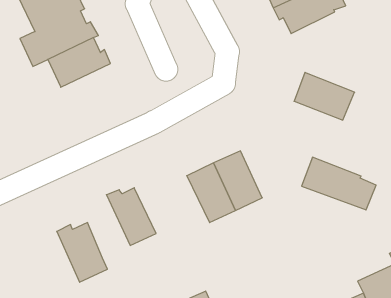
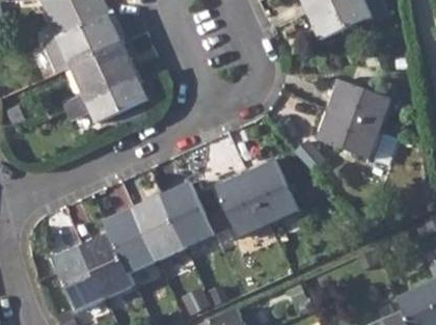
building: none -> [64,70,146,123]
building: [302,157,376,210] -> [317,109,394,164]
building: none -> [159,186,213,247]
building: none -> [106,207,157,273]
building: none -> [56,245,104,309]

